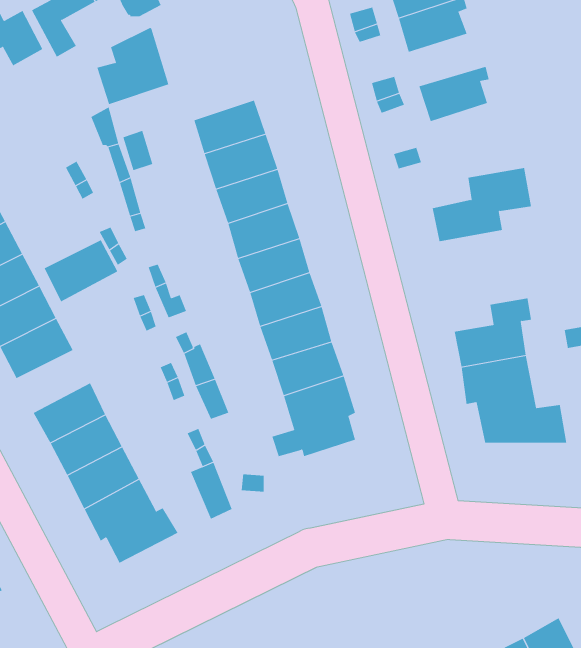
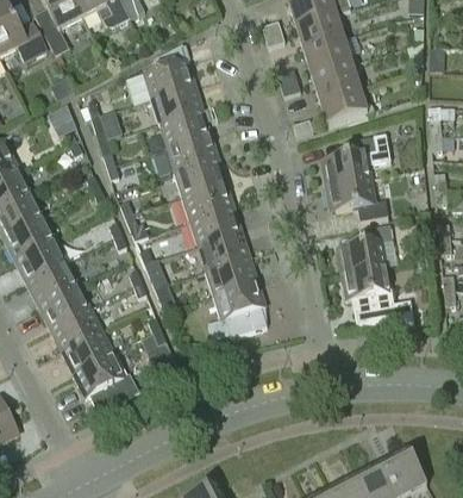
building: [97,27,169,105] -> [143,44,194,99]
building: none -> [302,38,357,75]
building: none -> [318,87,371,125]
building: none -> [324,176,386,219]
building: [44,239,118,302] -> [26,261,79,305]

